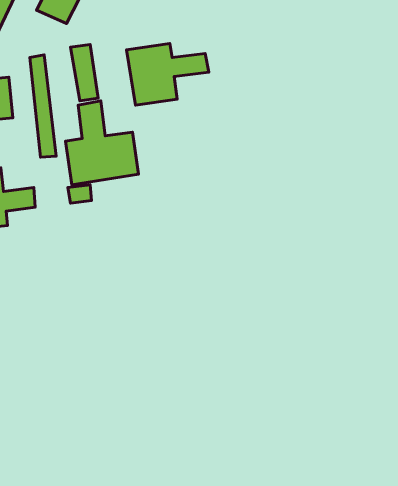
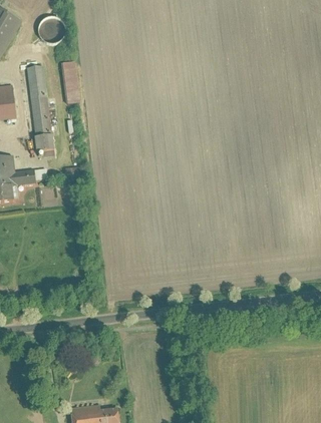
building: [127,44,209,105] -> none
building: [65,101,139,185] -> none

